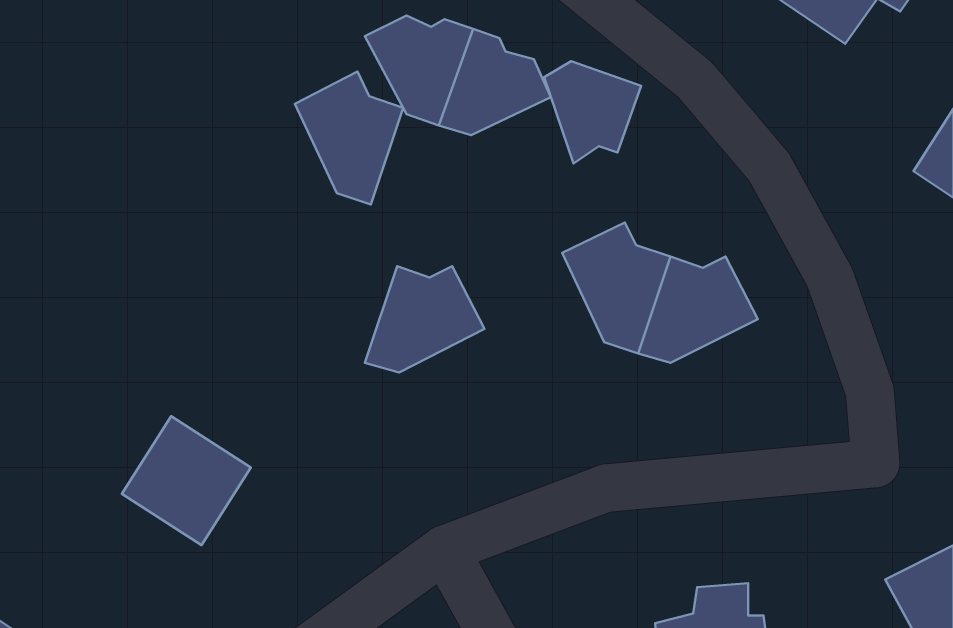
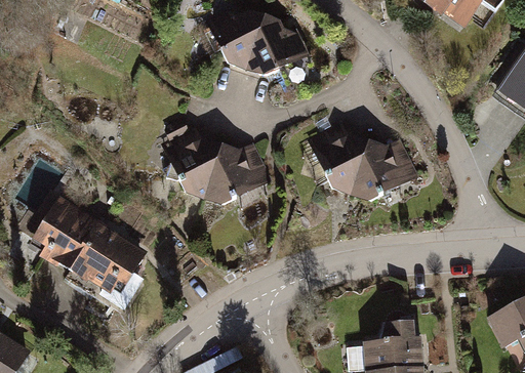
building: [544,61,641,163] -> none
building: [295,72,403,205] -> [165,127,224,199]
building: none -> [33,202,102,270]

